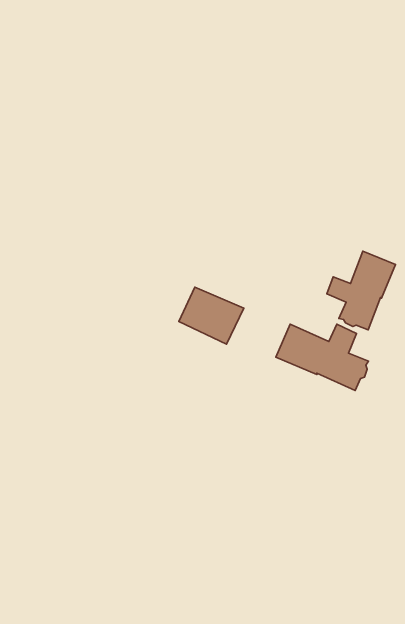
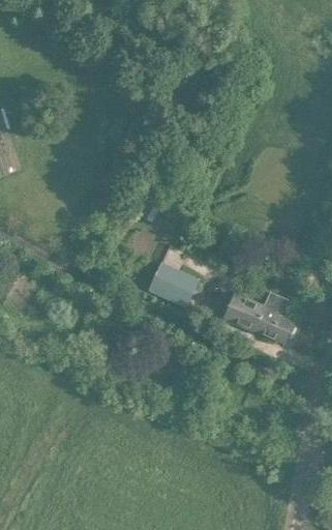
building: [327,251,396,330] -> none

